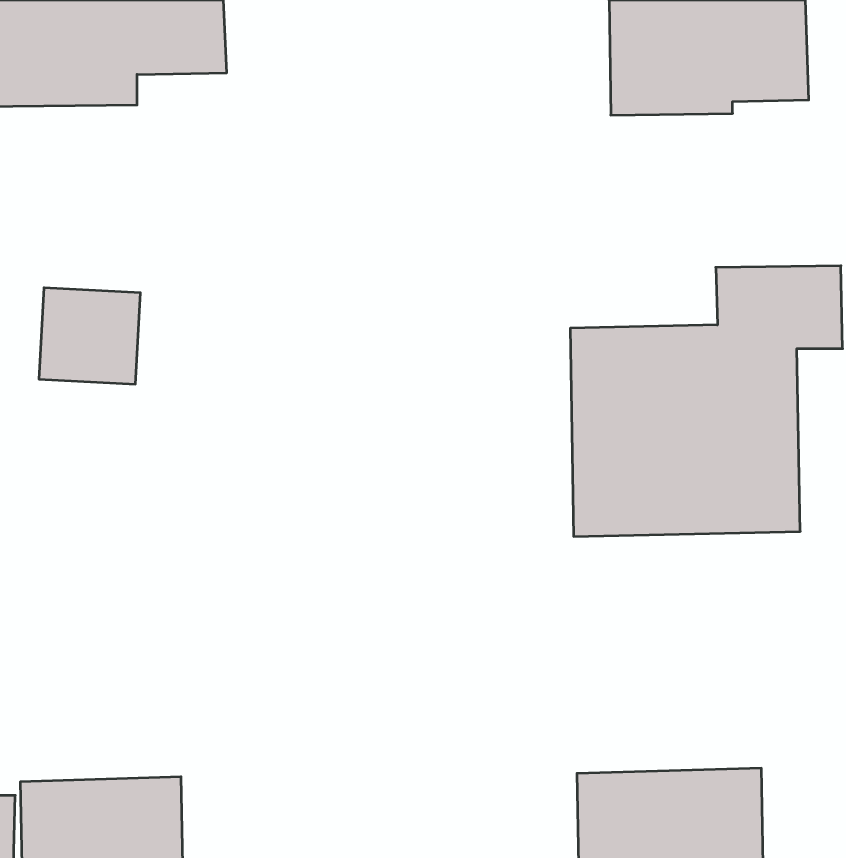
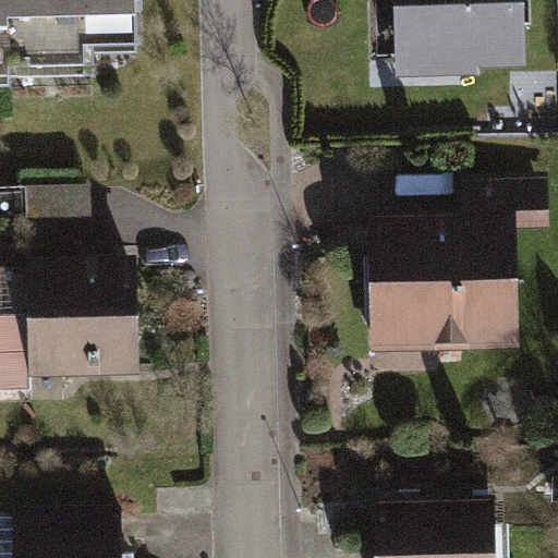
building: none -> [26,259,133,378]

